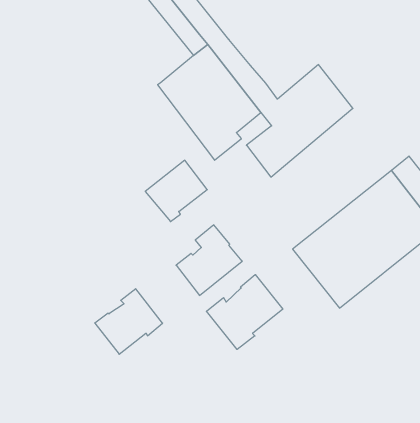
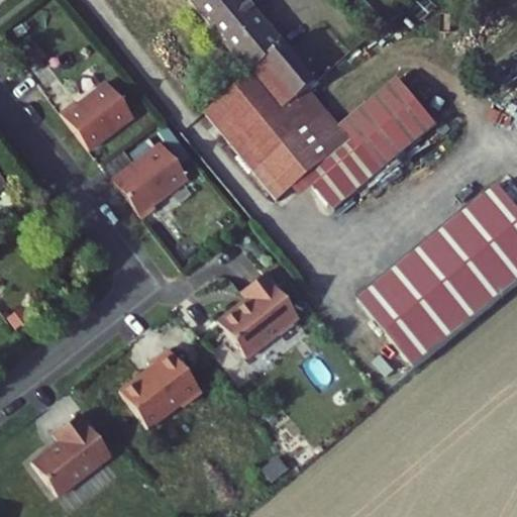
building: none -> [58,79,130,147]
building: [145,160,207,222] -> [108,137,183,211]
building: [206,275,283,349] -> none
building: none -> [31,411,112,496]

